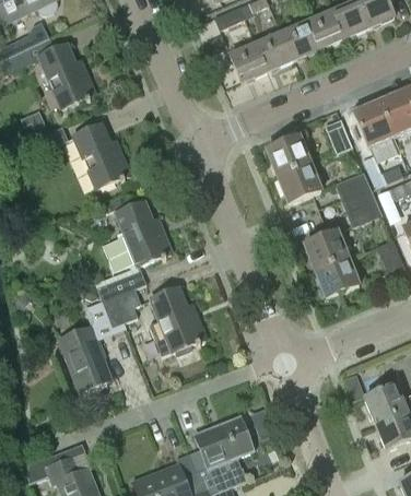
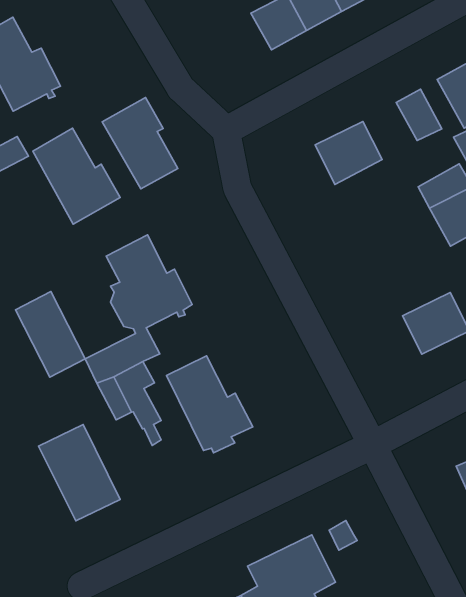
building: none -> [102,97,178,189]
building: [277,163,321,203] -> none
building: [304,221,349,271] -> none
building: none -> [16,291,85,377]

